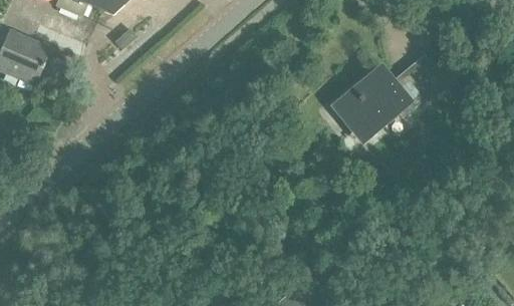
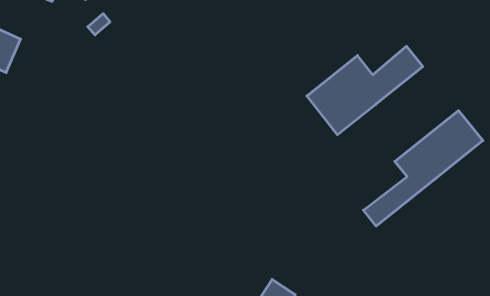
building: none -> [363,111,483,226]

